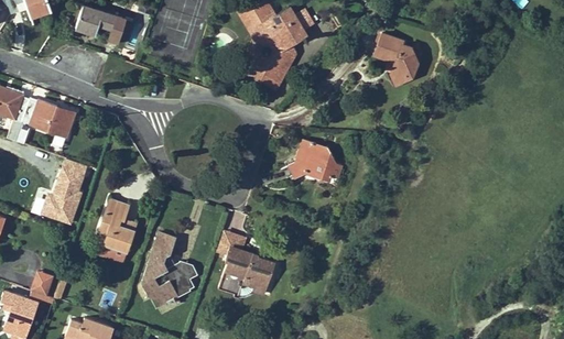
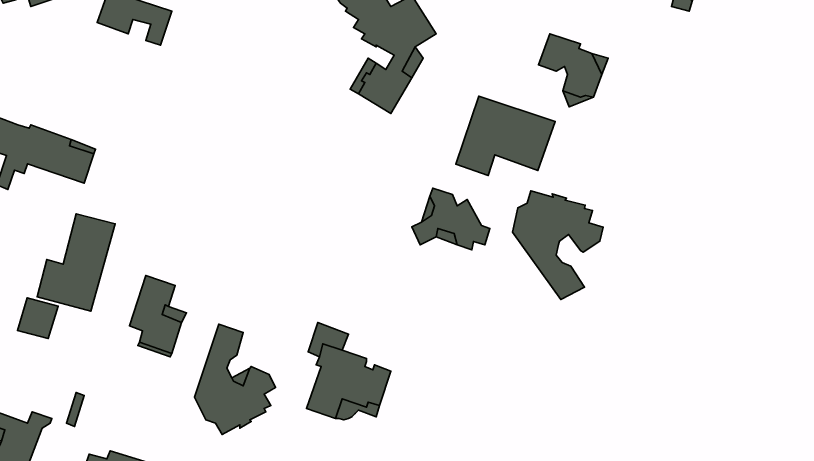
building: none -> [456,96,555,176]
building: none -> [512,191,603,299]
building: [29,269,56,296] -> [18,298,58,338]

